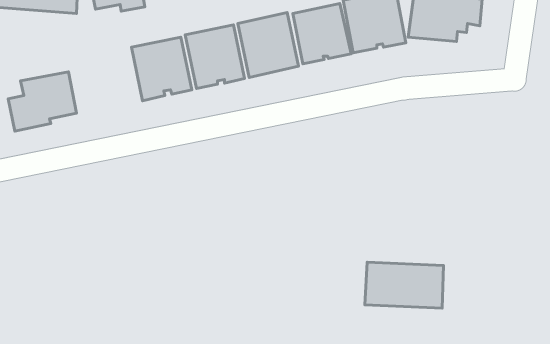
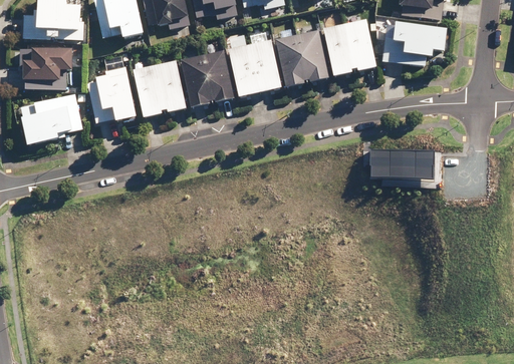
building: none -> [19,46,72,88]
building: none -> [86,67,137,122]
building: [365,262,443,308] -> [360,151,431,193]

